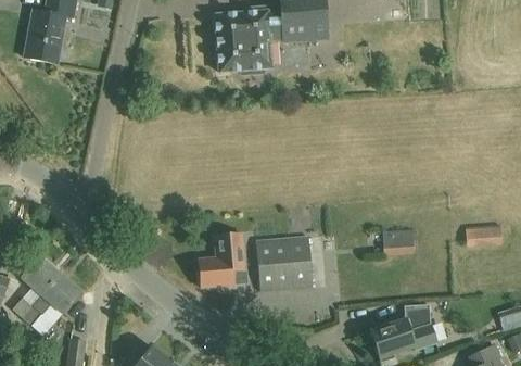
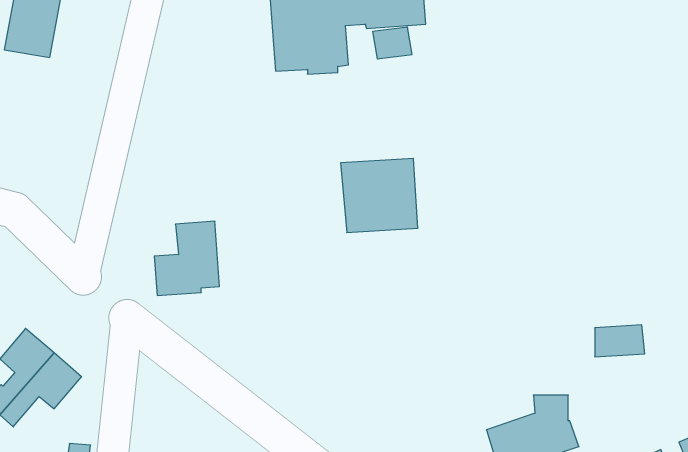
building: [467,224,503,247] -> [595,325,645,357]
building: [383,228,415,255] -> none
building: [200,234,246,287] -> [154,221,219,295]
building: [257,237,313,290] -> [341,158,418,233]

